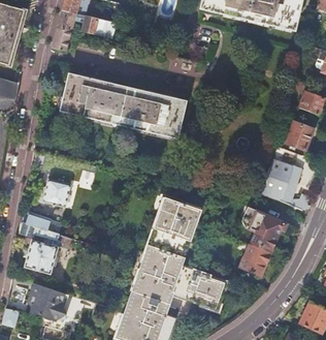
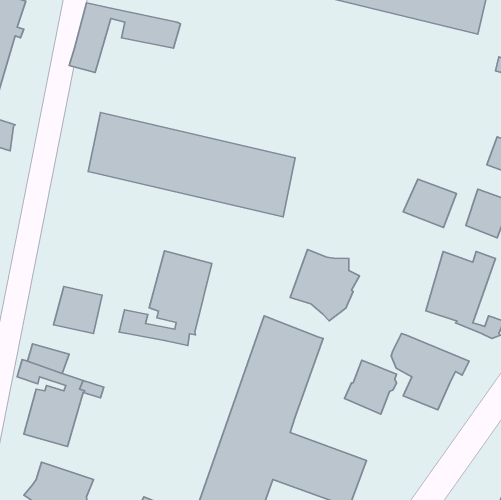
building: none -> [403,179,456,227]
building: none -> [290,250,359,321]
building: none -> [119,251,212,345]
building: [238,244,269,276] -> [344,360,397,414]

